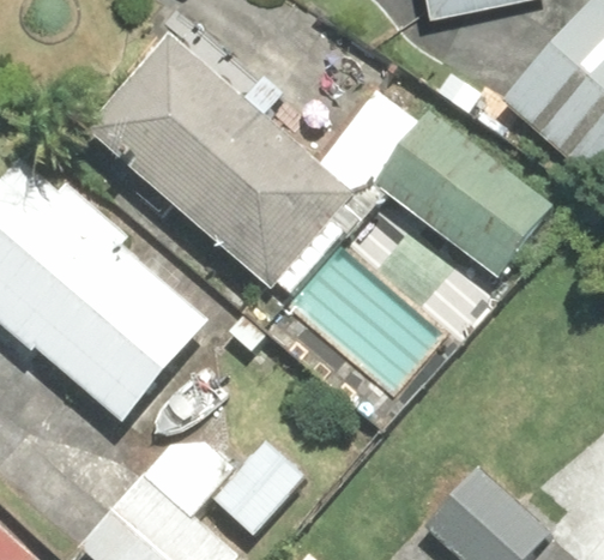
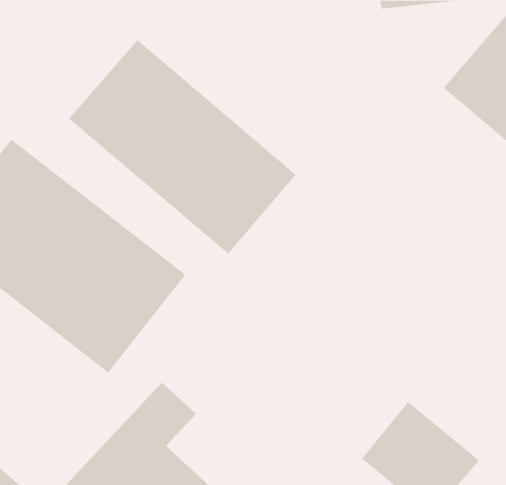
building: [376,110,554,276] -> none

